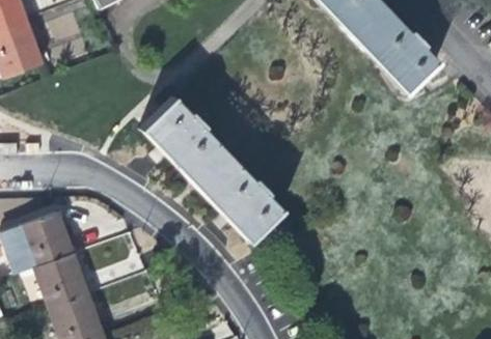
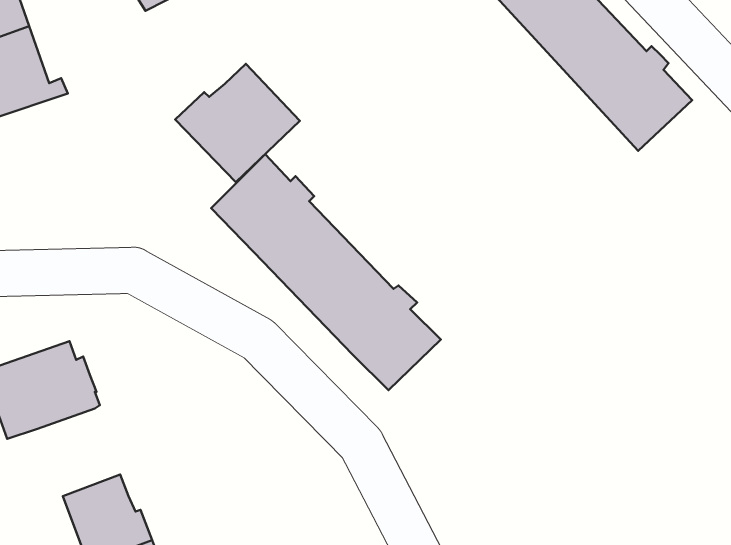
building: none -> [175,64,300,182]
building: [35,253,90,307] -> none

